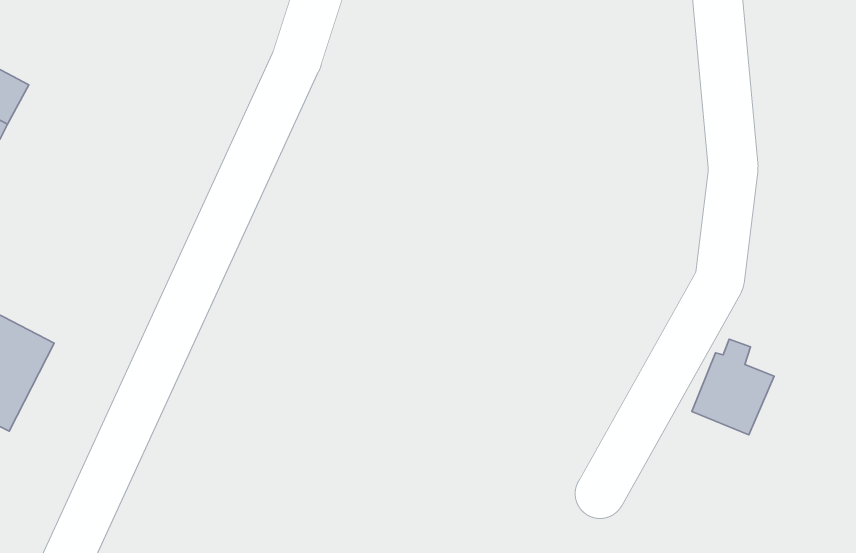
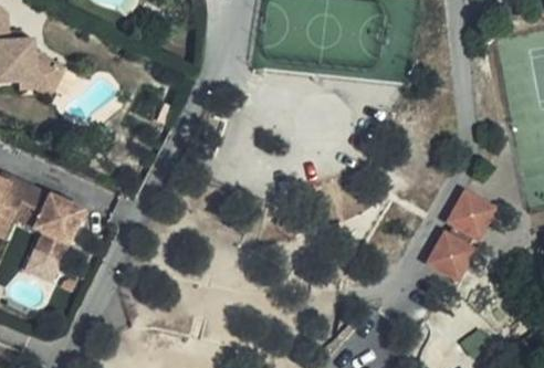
building: none -> [457,183,495,224]

